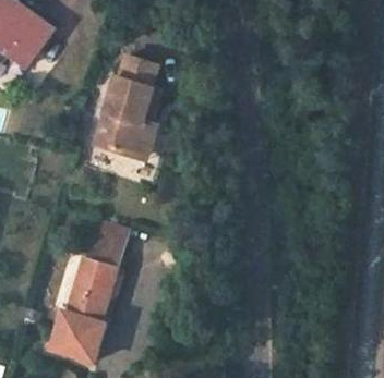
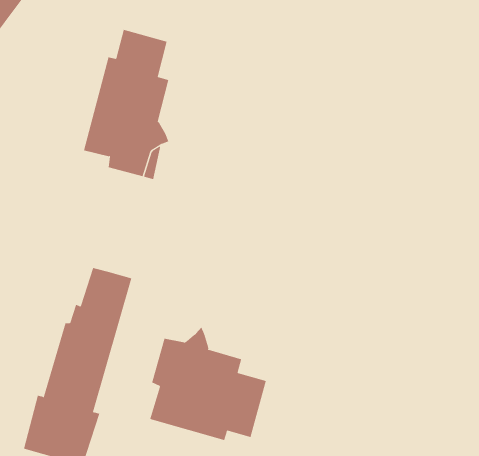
building: none -> [149,326,266,441]

